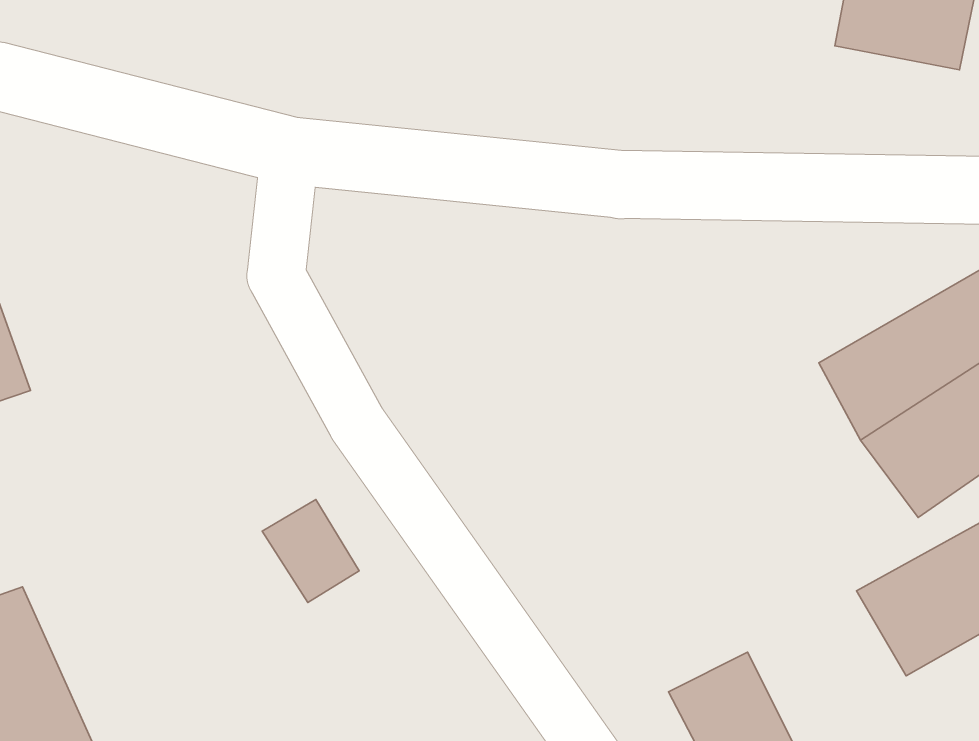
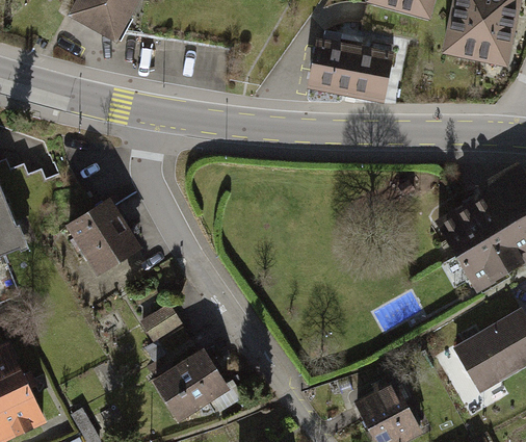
building: none -> [304,41,391,108]
building: none -> [57,200,135,280]
building: none -> [150,343,226,415]

